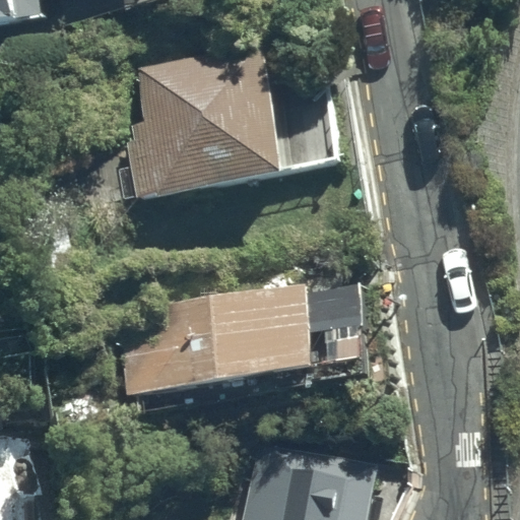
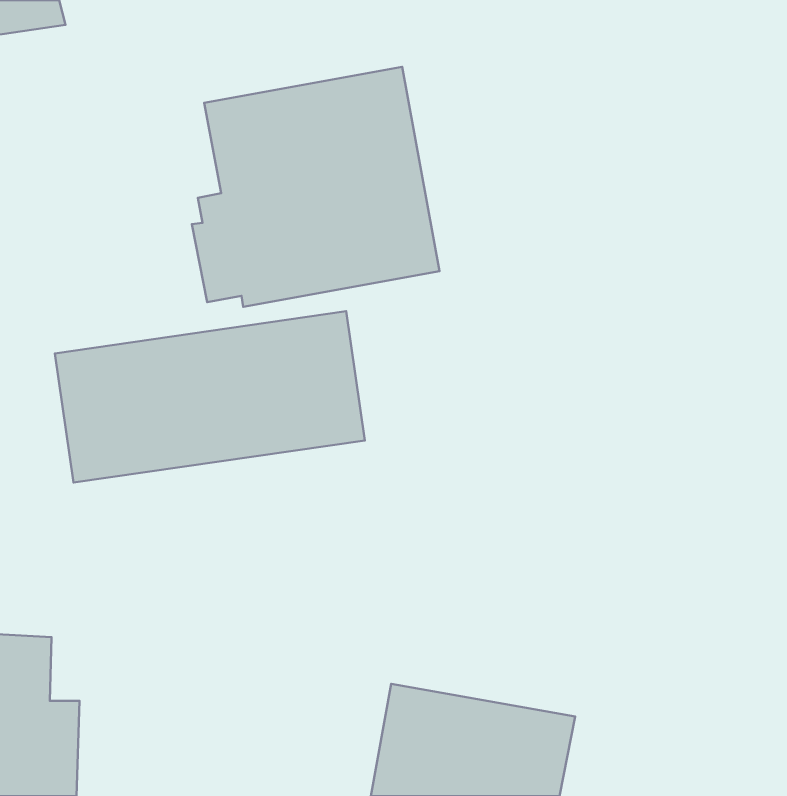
building: [114,287,316,399] -> [55,311,365,483]

